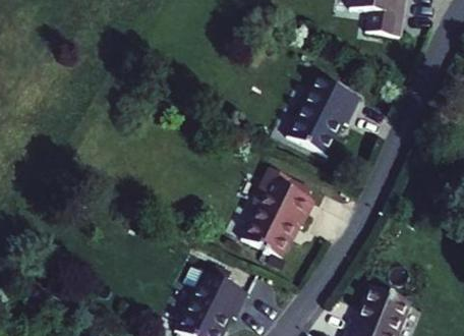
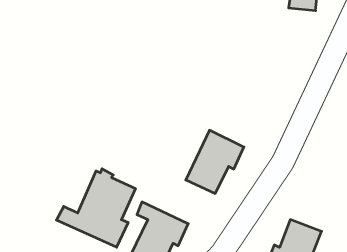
building: [289,77,360,154] -> none
building: none -> [56,169,135,247]

